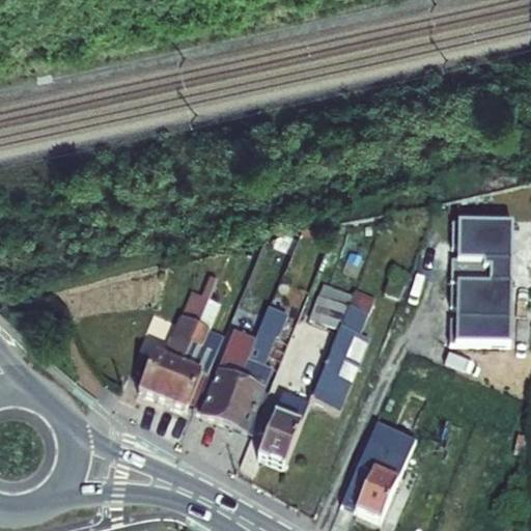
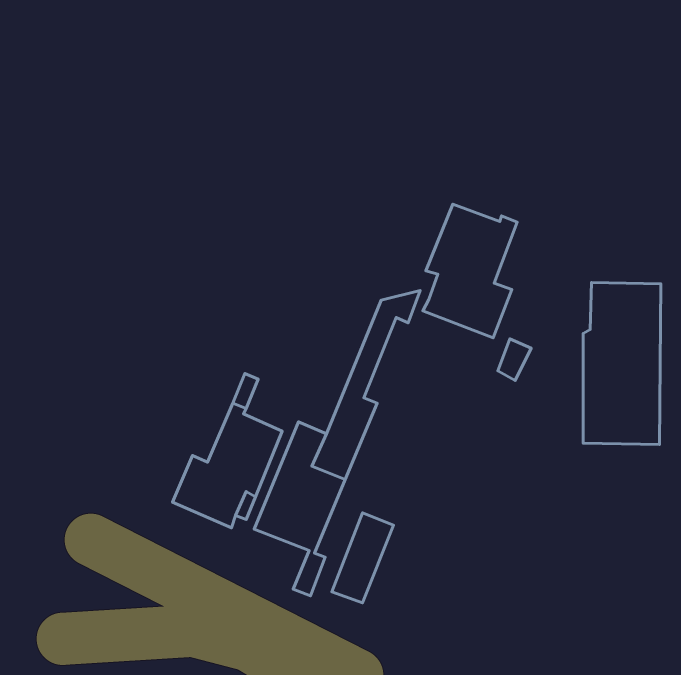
building: none -> [423,204,517,338]
building: [309,279,367,406] -> none
building: [341,421,415,515] -> none

